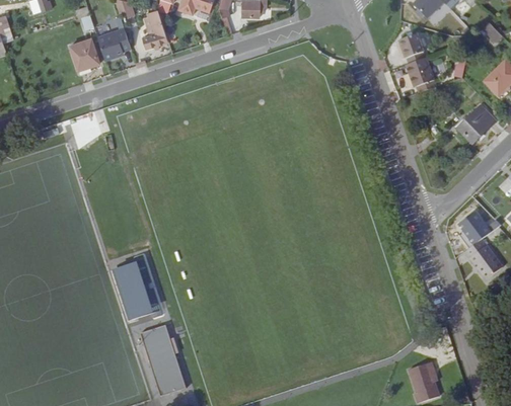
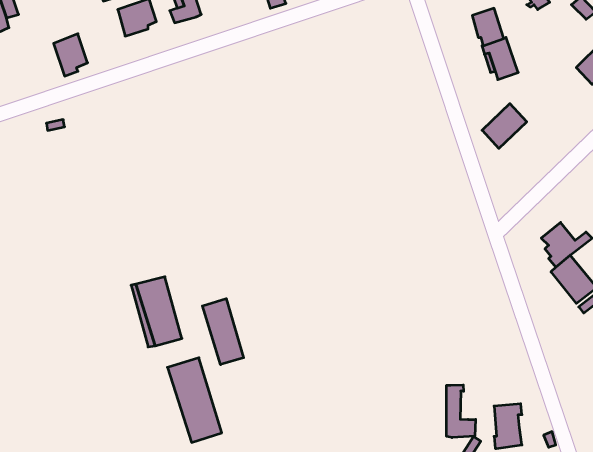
building: [74,36,102,72] -> [54,34,88,76]
building: [456,105,494,143] -> [482,104,527,148]
building: none -> [202,299,244,365]
building: none -> [447,385,476,438]

